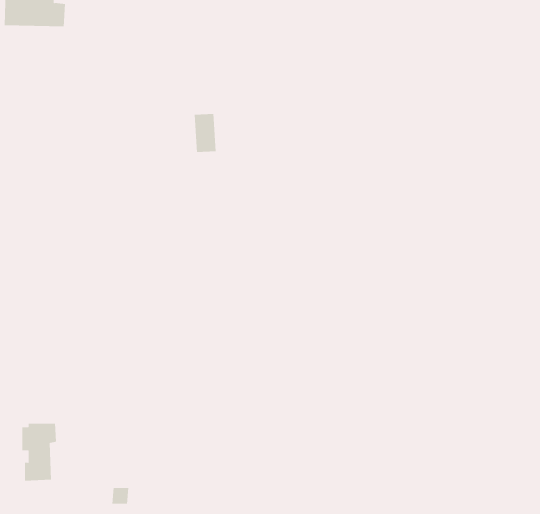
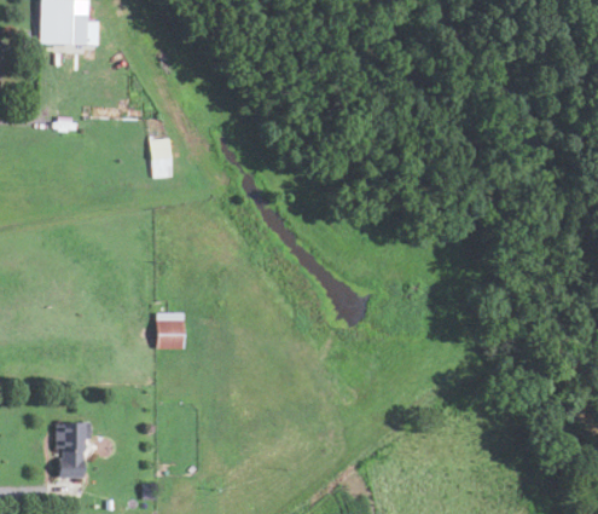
building: [194,113,217,153] -> [150,139,172,177]
building: none -> [157,314,185,351]

